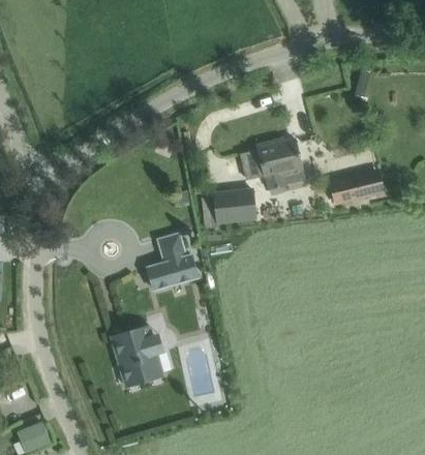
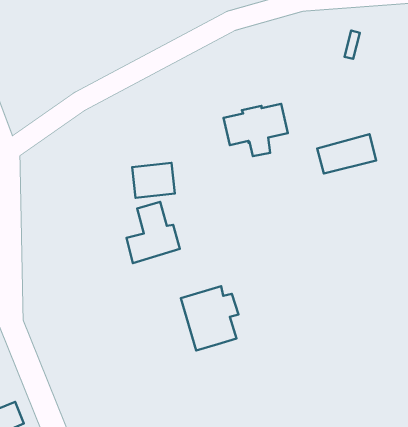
building: [215,189,255,222] -> [132,163,175,198]
building: [111,326,165,387] -> [181,286,239,351]

